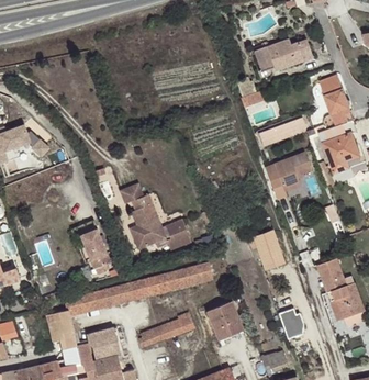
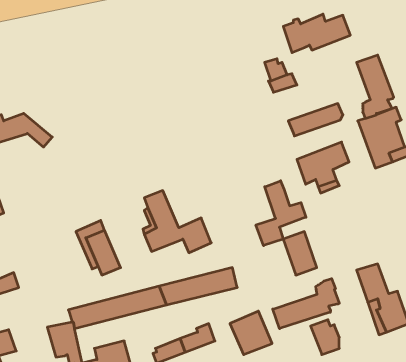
building: none -> [256,181,306,246]
building: none -> [273,279,339,329]

